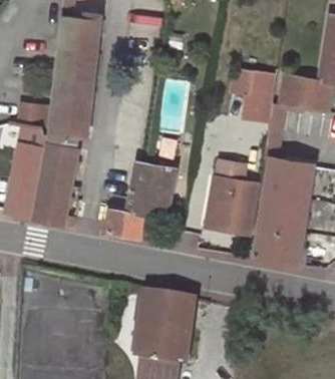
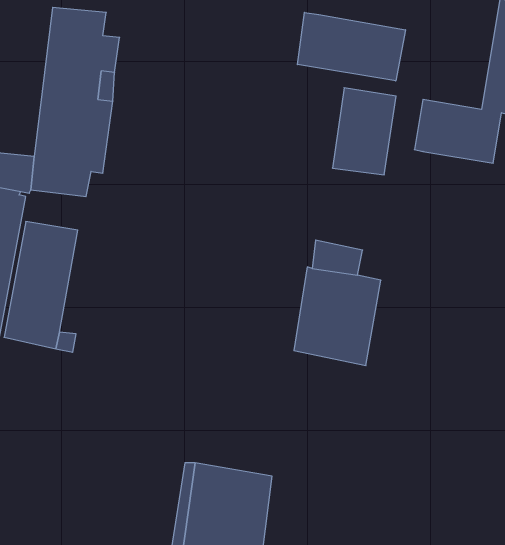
building: none -> [297,12,405,81]
building: [255,102,312,264] -> none
building: [107,161,176,239] -> none

